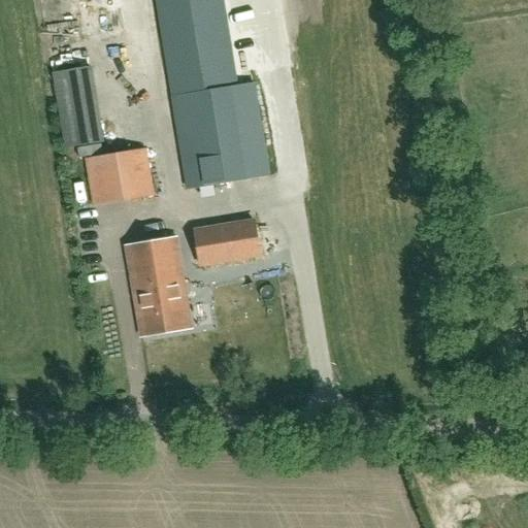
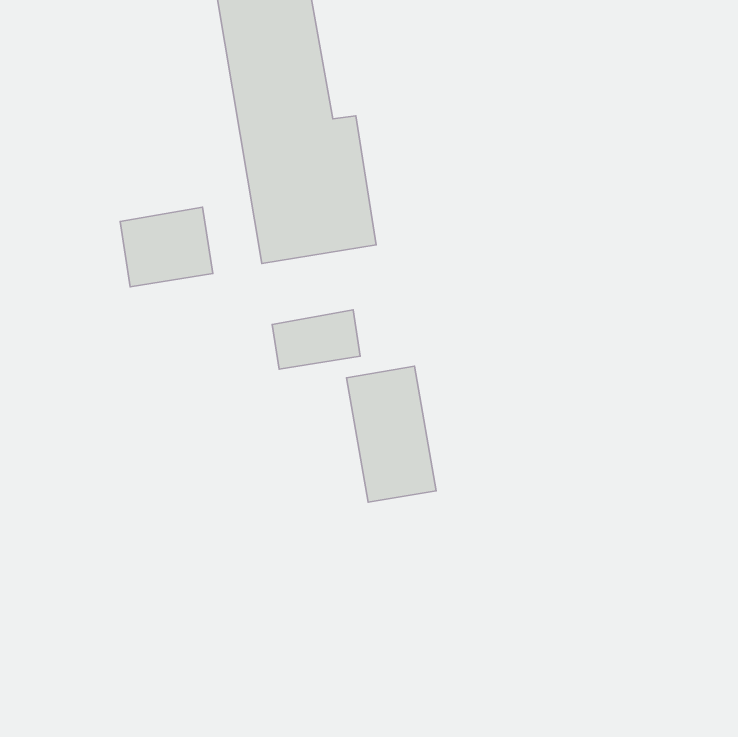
building: [54,63,101,143] -> none
building: [126,237,190,334] -> [346,366,436,502]

